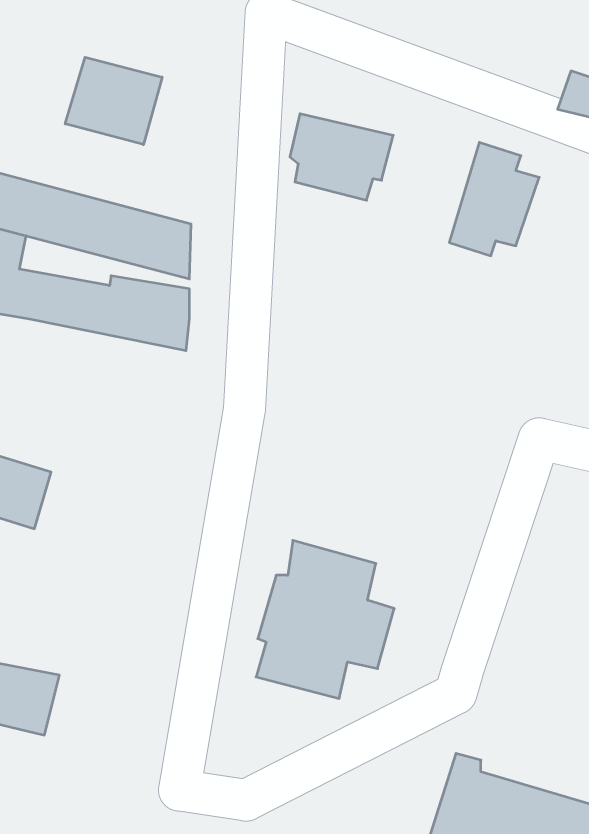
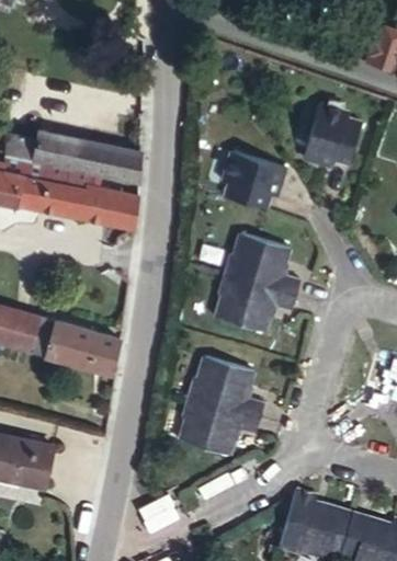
building: [65,57,162,145] -> none
building: [290,114,393,200] -> [208,147,276,204]
building: none -> [214,220,302,323]
building: none -> [31,313,118,376]

